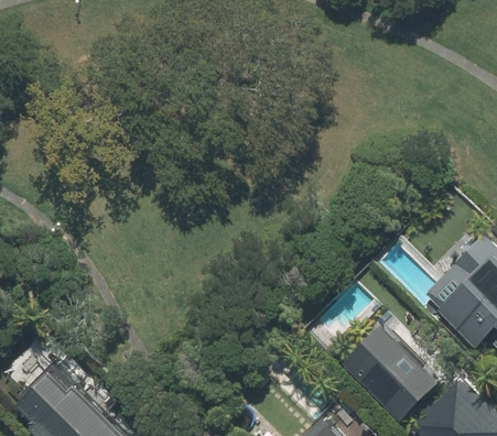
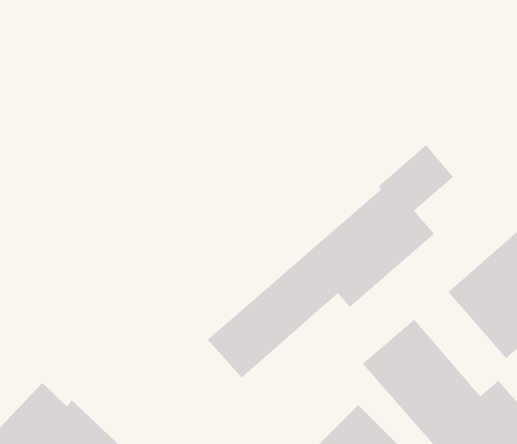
building: none -> [207,144,454,379]

